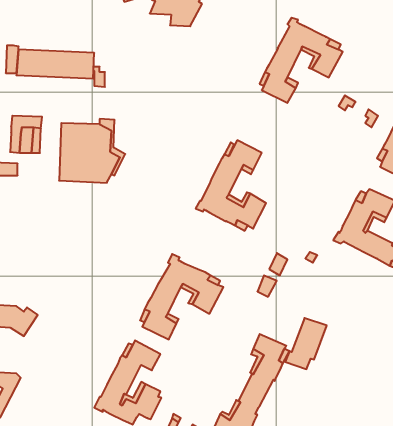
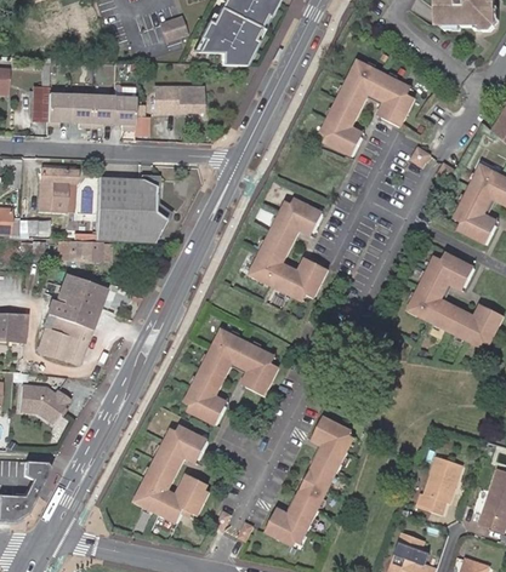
building: none -> [154,87,200,111]
building: none -> [56,241,109,264]
building: none -> [35,273,103,364]
building: [285,318,327,369] -> [415,456,462,514]

